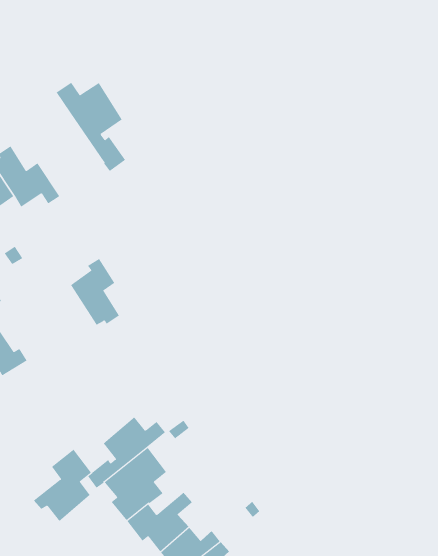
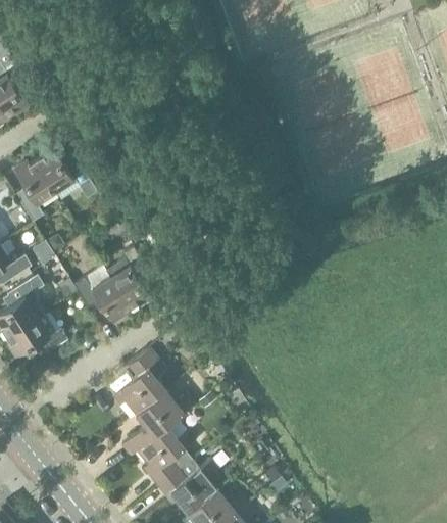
building: [56,82,126,172] -> none
building: none -> [72,266,130,323]
building: [33,449,92,522] -> [112,348,165,415]

